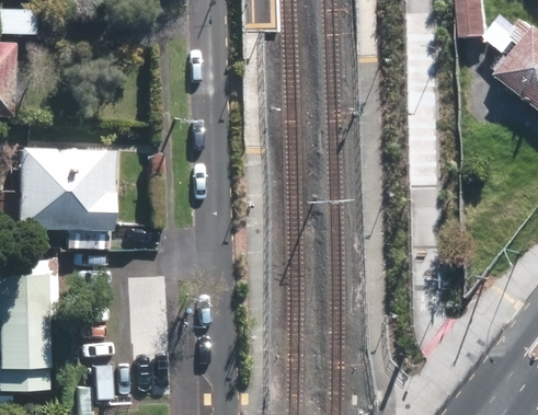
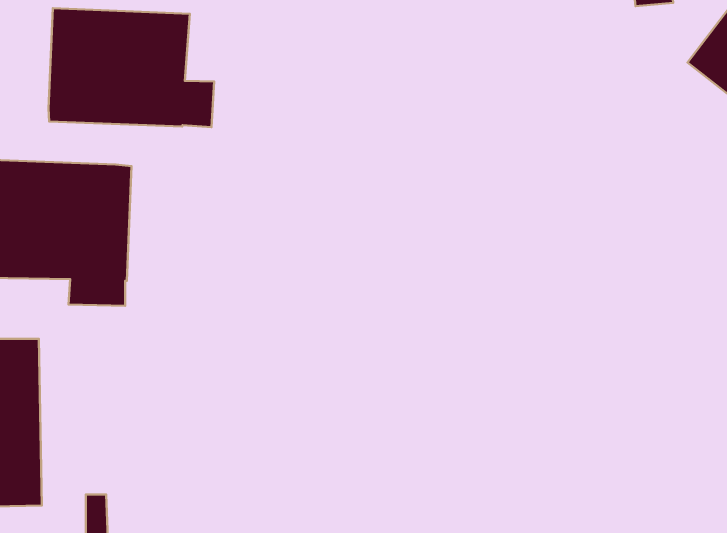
building: none -> [48,8,214,127]

